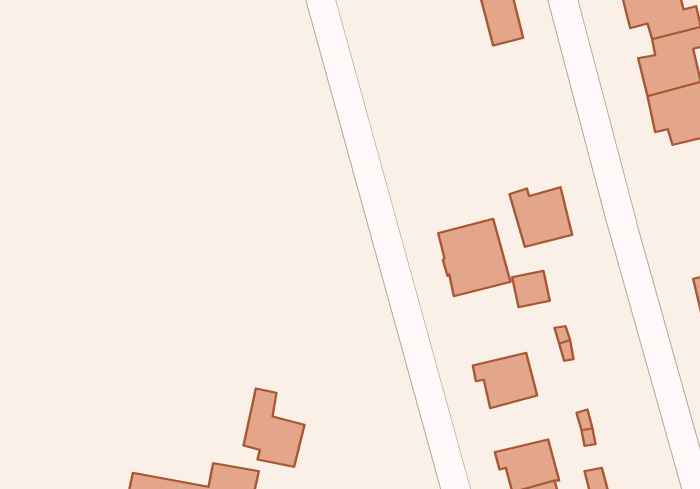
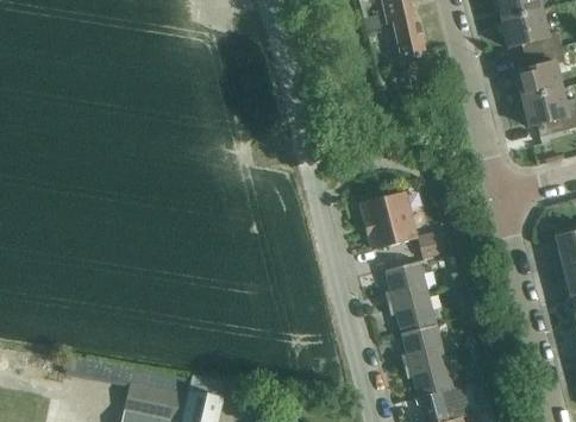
building: [510,187,572,247] -> none
building: none -> [384,262,428,302]
building: [244,389,305,467] -> none
building: none -> [401,325,445,367]

